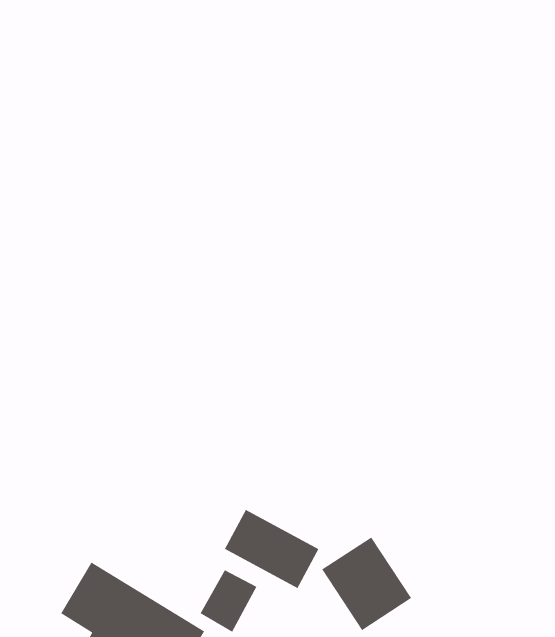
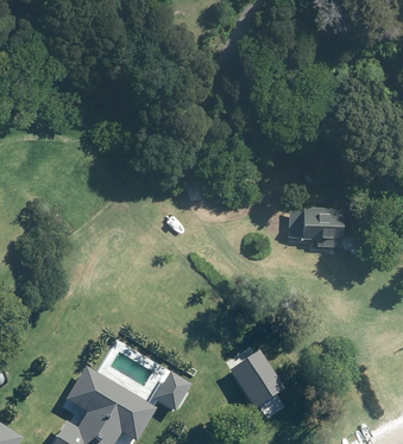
building: none -> [288,205,342,246]
building: [224,509,319,589] -> none

